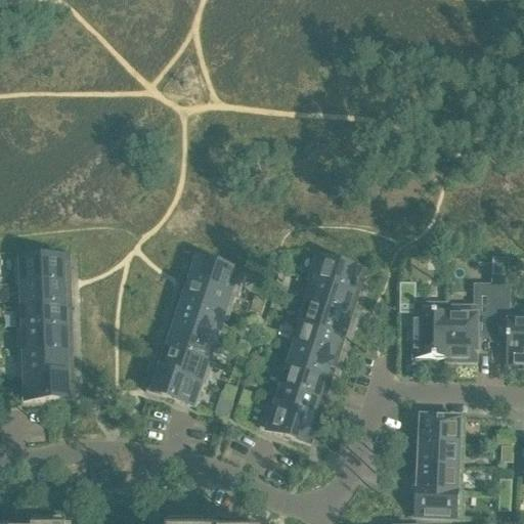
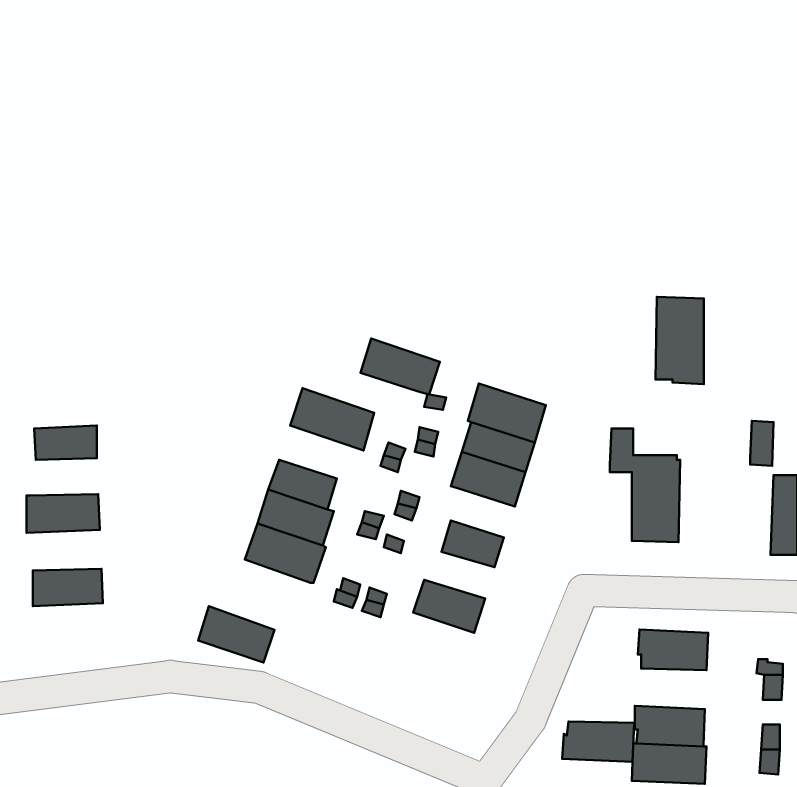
building: [14,254,63,281] -> none
building: [183,279,235,316] -> [360,338,440,395]
building: [18,301,64,325] -> none
building: [445,302,477,359] -> [655,297,704,384]
building: [296,321,338,353] -> none
building: [17,348,67,375] -> none
building: [278,360,324,393] -> none
building: [154,367,204,404] -> [198,606,274,662]
building: [259,401,311,439] -> none
building: [417,439,464,466] -> [562,721,634,762]

